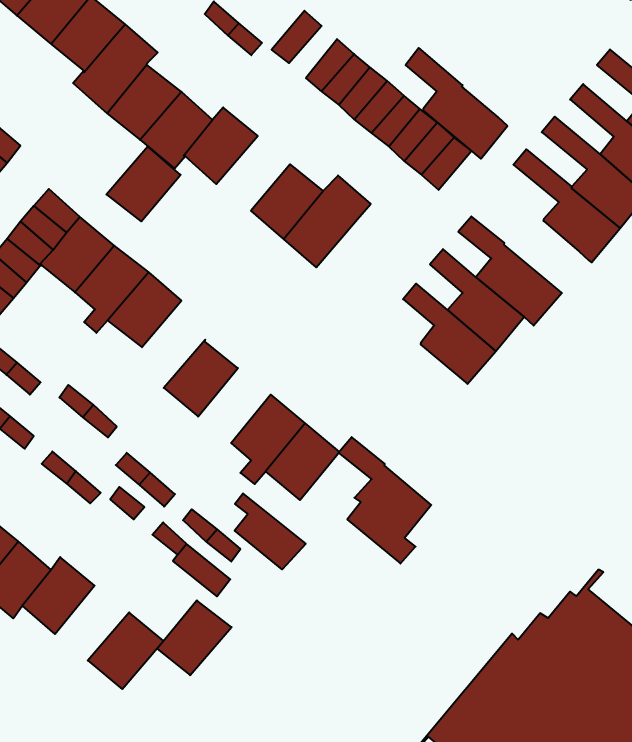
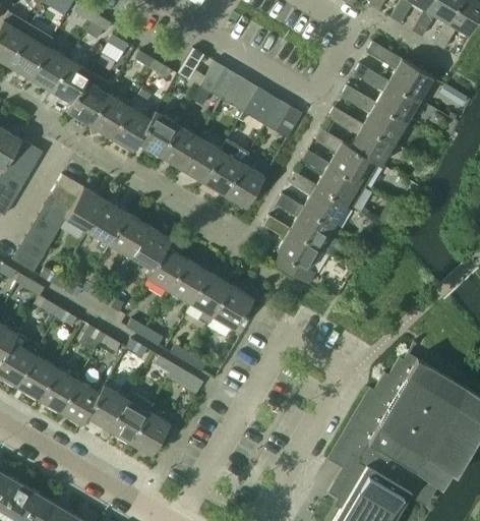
building: [406,48,507,159] -> [315,128,379,186]
building: [106,146,181,221] -> [159,124,199,168]
building: none -> [224,163,264,208]
building: none -> [131,226,172,270]
building: none -> [170,259,209,303]
building: [339,437,431,564] -> [263,216,321,284]
building: [235,493,306,569] -> none
building: [157,600,232,675] -> [108,398,148,442]

